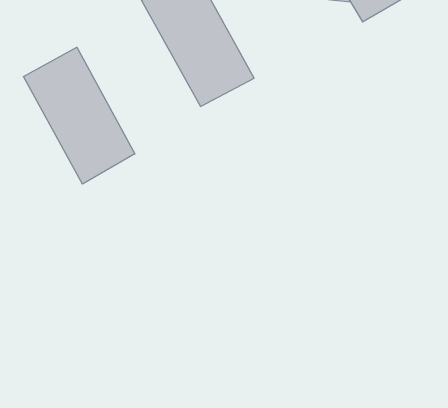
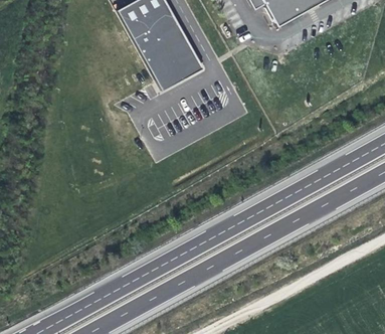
building: [23,47,135,184] -> none

